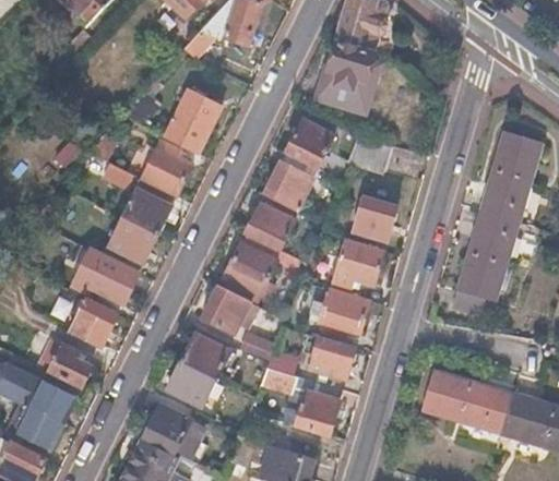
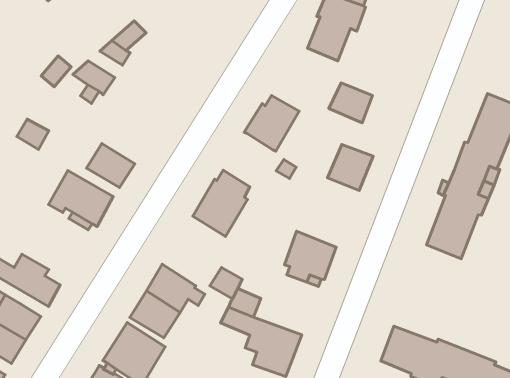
building: [164,89,219,153] -> none
building: [285,118,333,166] -> none
building: [139,140,191,195] -> none
building: [122,189,170,235] -> none
building: [245,193,295,249] -> none
building: [332,239,383,286] -> none
building: [202,285,259,333] -> none
building: [70,297,119,345] -> none
building: [308,336,355,381] -> none

